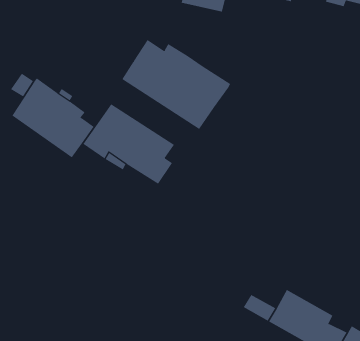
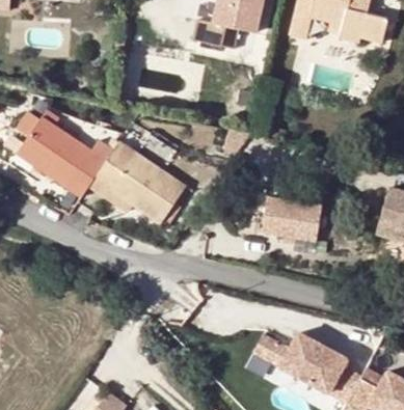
building: [122,39,231,130] -> none
building: none -> [257,193,320,239]

